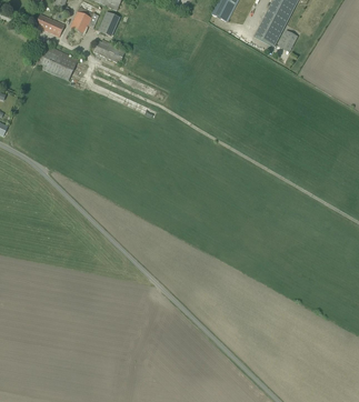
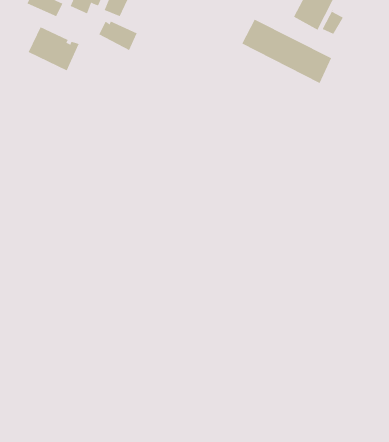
building: none -> [241,19,332,84]

